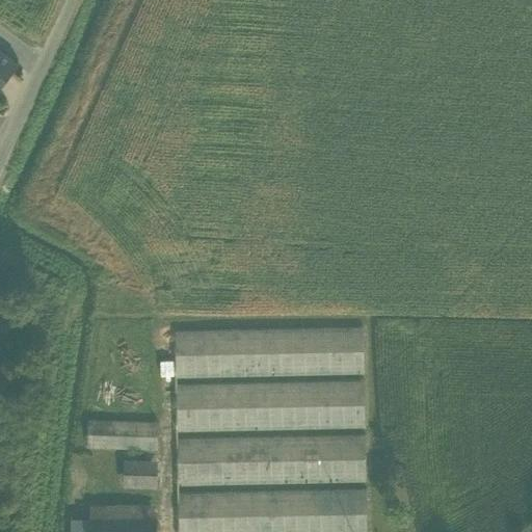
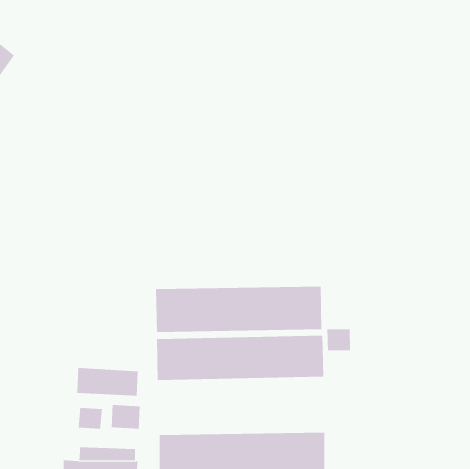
building: none -> [327,328,351,351]
building: [177,434,366,487] -> none
building: none -> [78,407,102,429]

